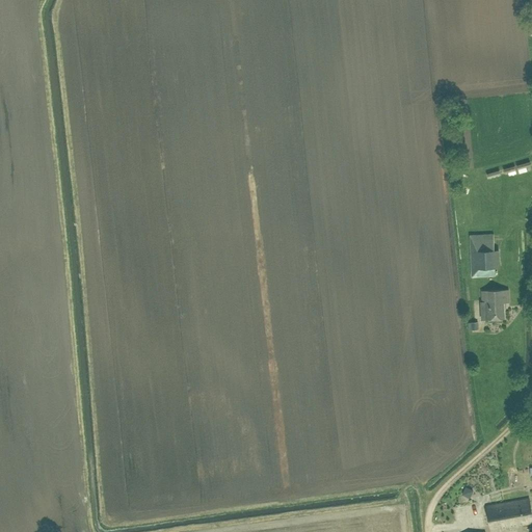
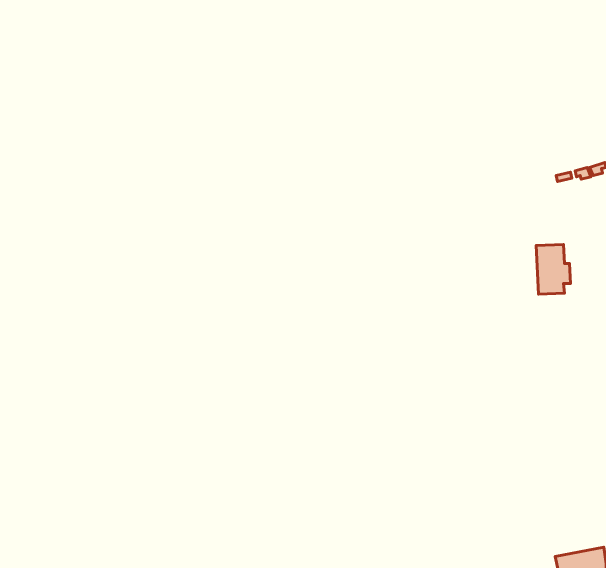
building: [481,290,509,320] -> none

